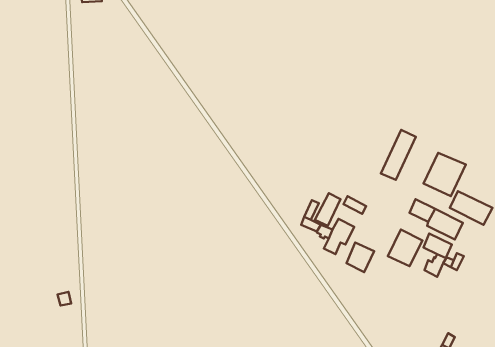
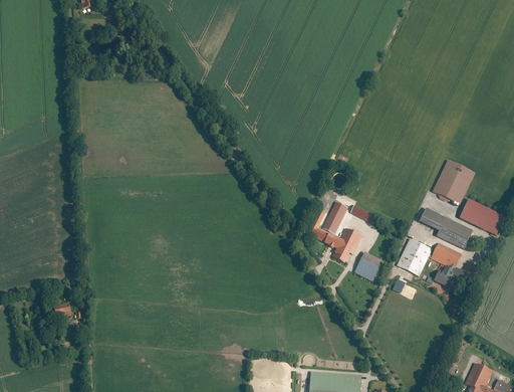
building: [381,130,416,180] -> none

